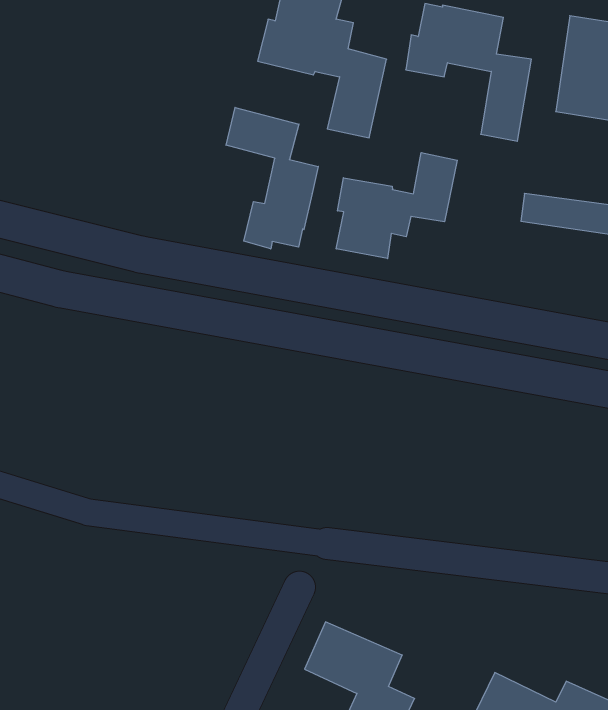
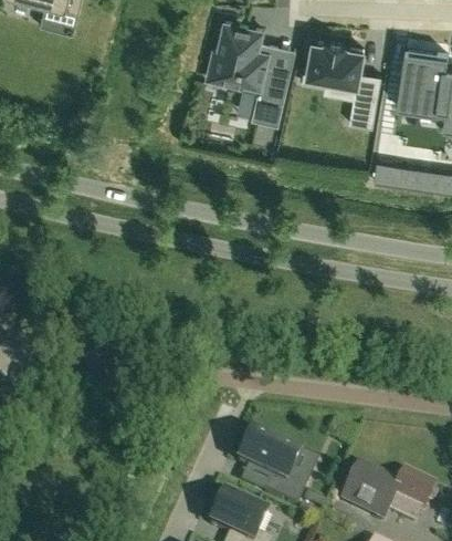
building: [226,107,318,249] -> none
building: [336,153,457,259] -> none

